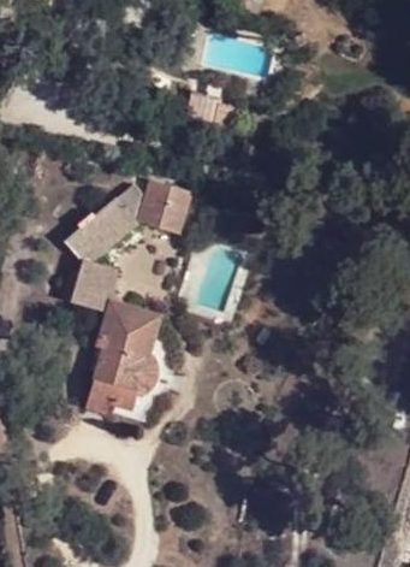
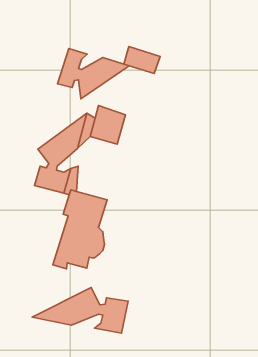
building: none -> [57,49,129,99]
building: none -> [32,287,128,333]

